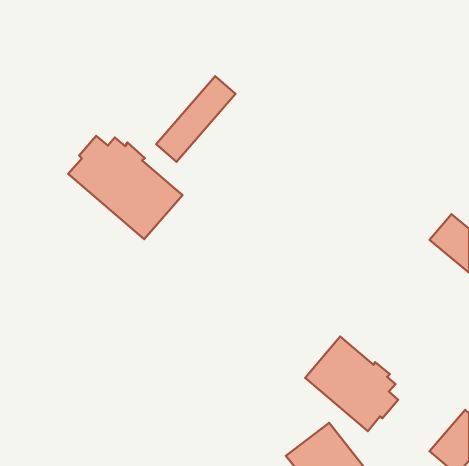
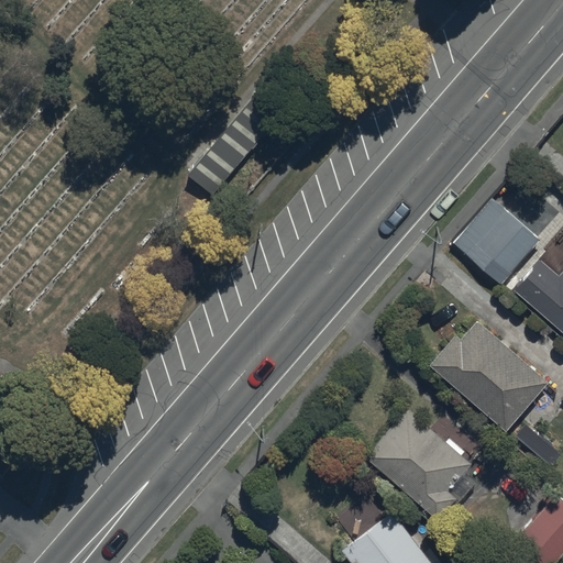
building: [68,136,183,239] -> none
building: none -> [462,211,538,289]
building: none -> [430,321,548,431]

